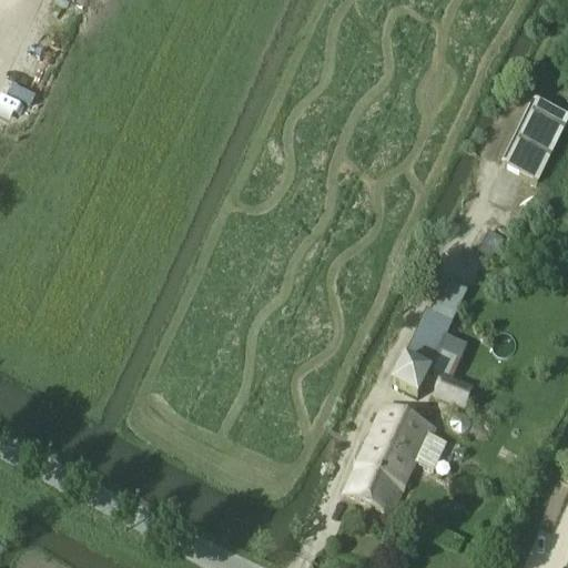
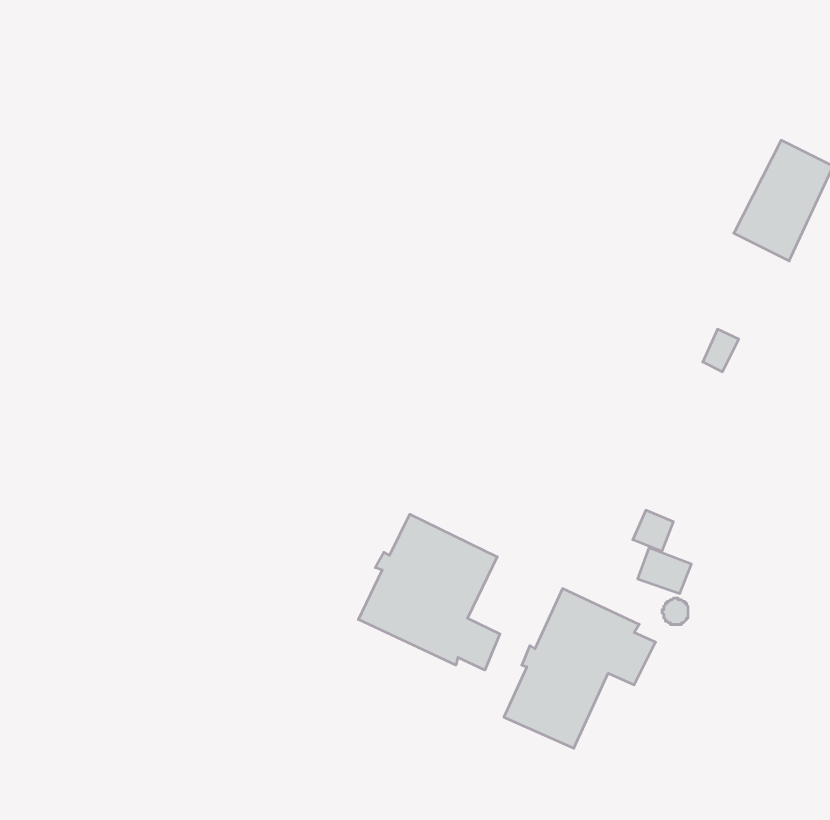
building: [394,305,454,392] -> none
building: none -> [358,514,500,670]

